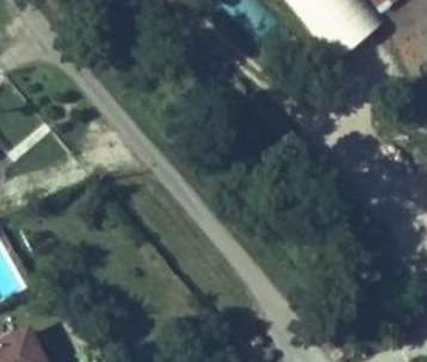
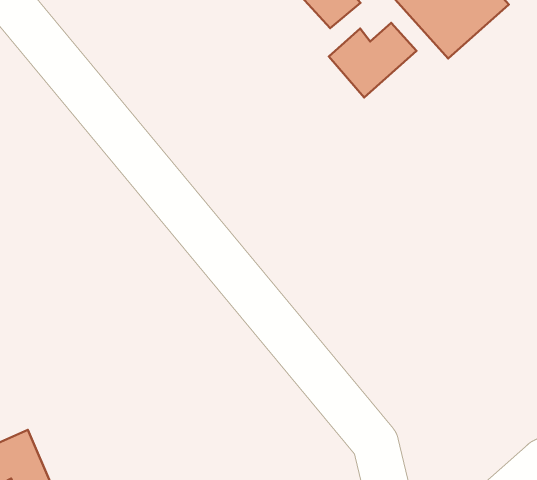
building: none -> [329,23,416,97]

